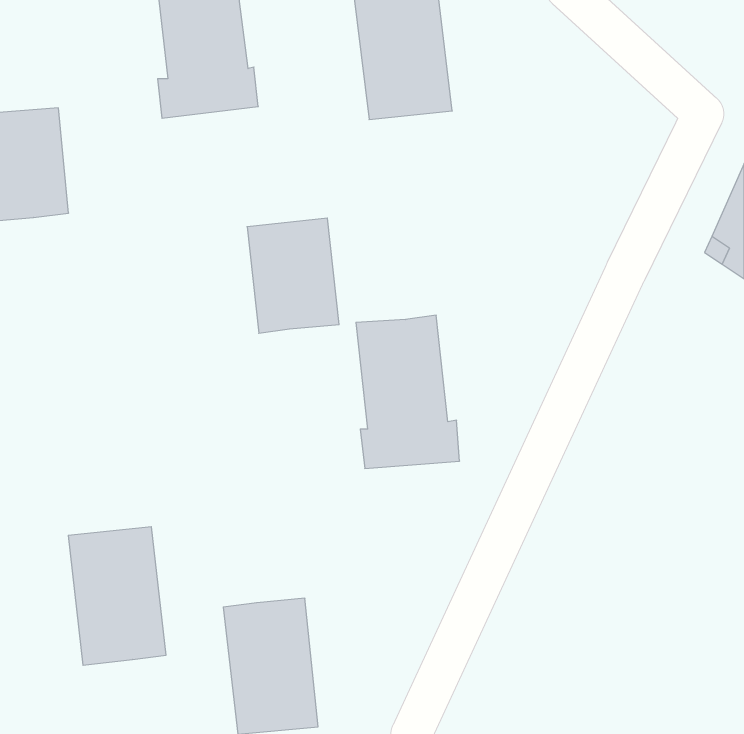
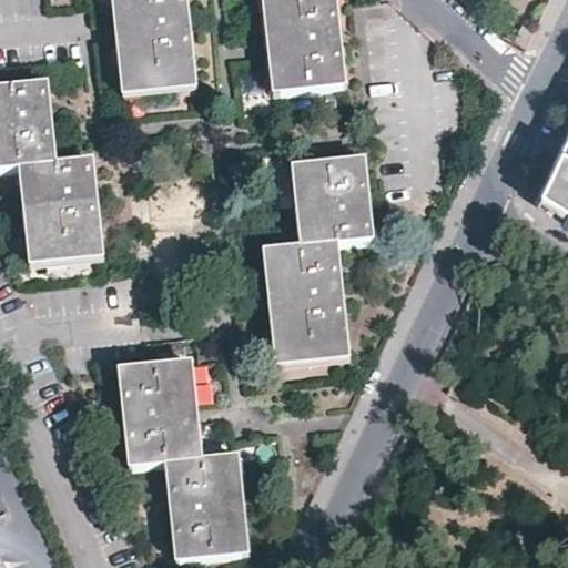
building: none -> [26,158,102,258]
building: [247,218,339,333] -> [300,155,369,243]
building: [68,527,166,665] -> [121,361,195,466]

